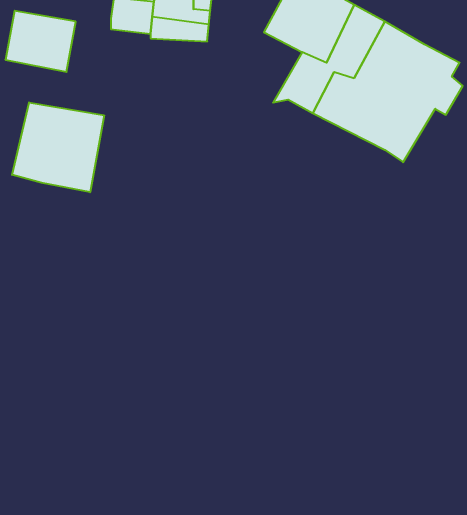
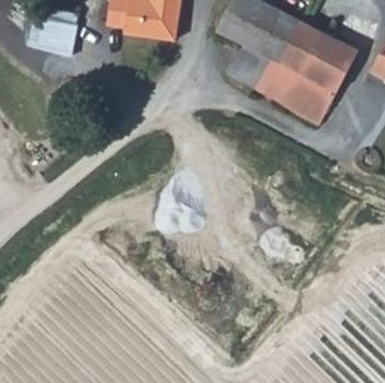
building: [12,102,104,192] -> none

